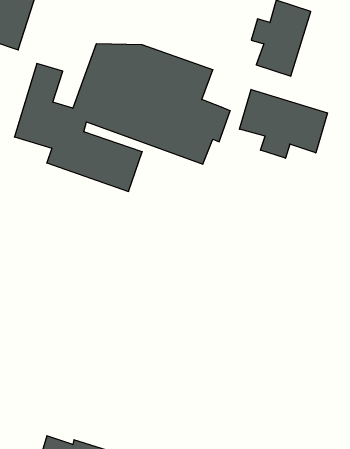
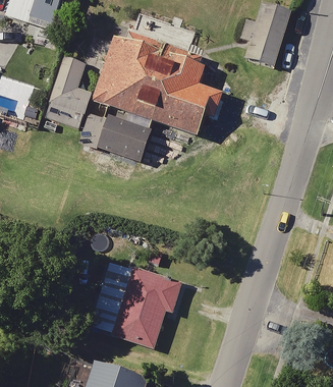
building: [239,89,328,158] -> none
building: none -> [89,258,180,345]

